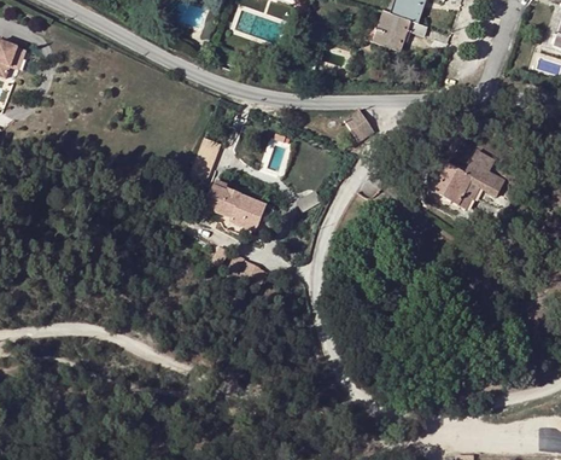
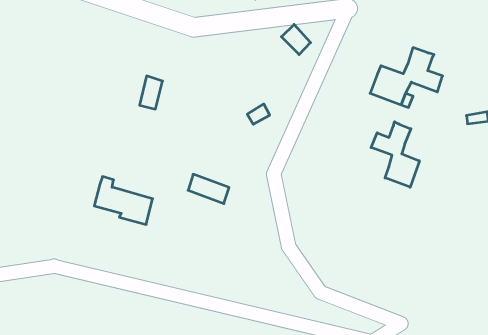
building: [205,177,265,232] -> [94,177,153,224]
building: none -> [371,122,419,187]

